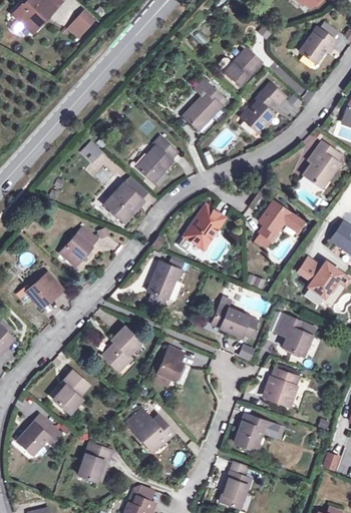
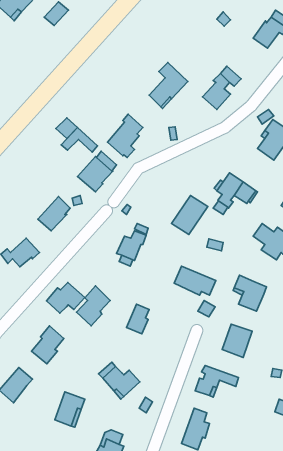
building: [219,48,261,85] -> none
building: [184,205,224,248] -> [172,196,208,234]
building: none -> [47,282,85,313]

